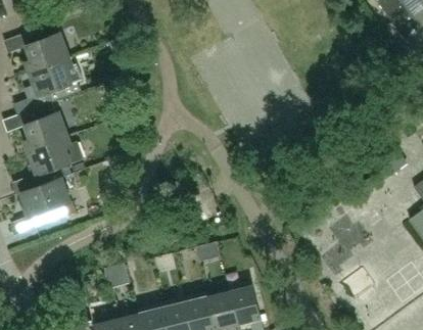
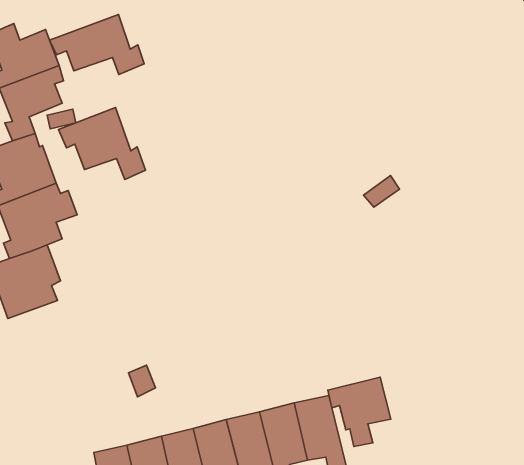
building: none -> [50,14,144,74]
building: none -> [58,108,145,179]
building: none -> [328,377,391,446]

